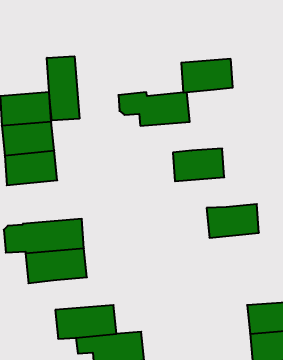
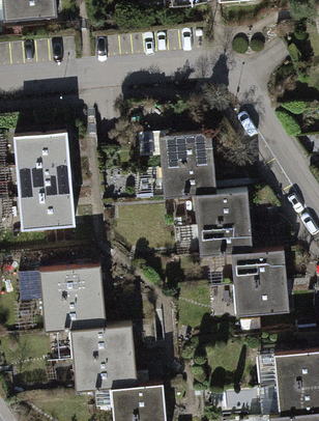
building: [47,56,79,120] -> none
building: [181,59,233,93] -> [162,163,215,198]
building: none -> [198,221,252,256]
building: none -> [234,279,289,315]
building: none -> [70,325,134,360]

